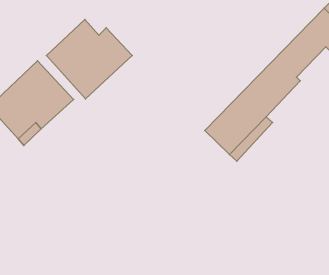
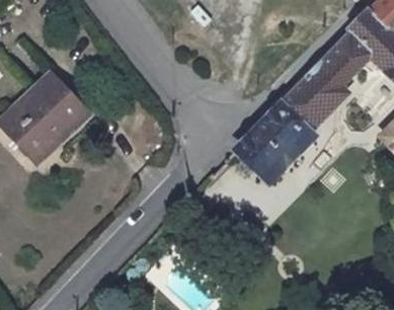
building: [46,20,132,99] -> none

